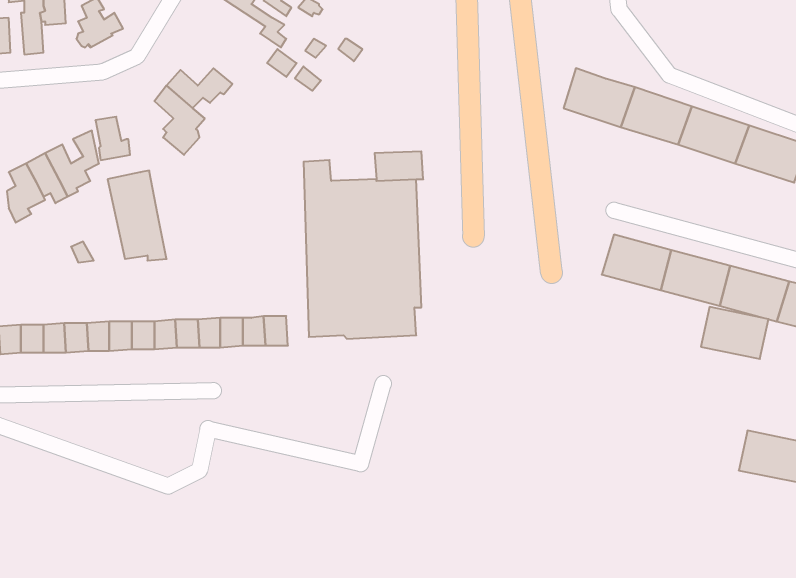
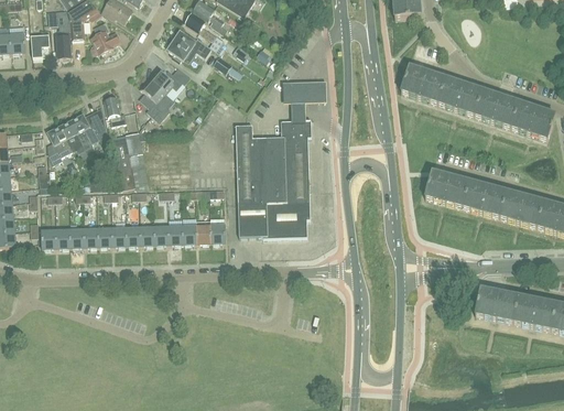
building: none -> [167,29,212,58]
building: none -> [283,80,326,119]
building: [701,307,769,359] -> [475,288,518,321]

